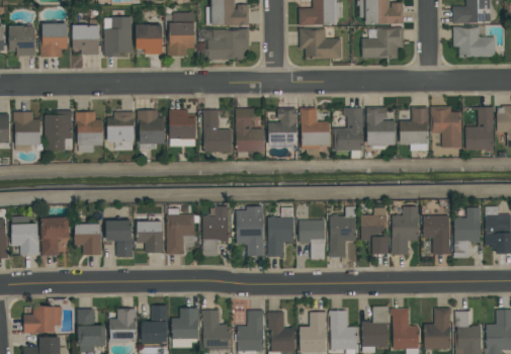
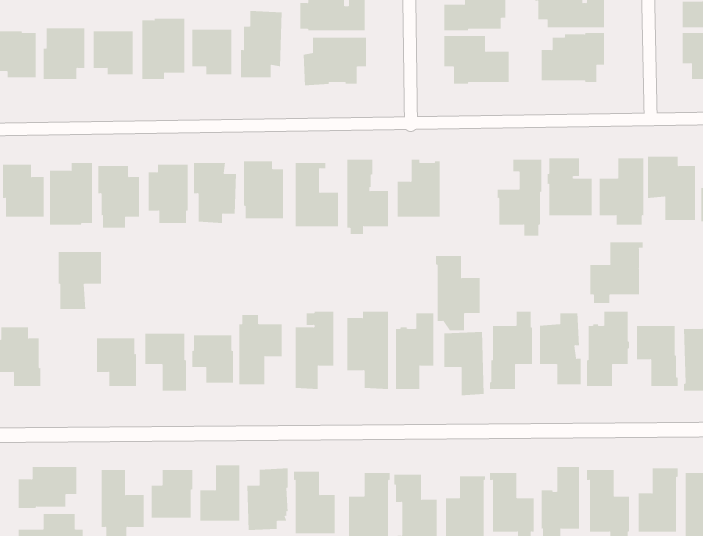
building: [300,107,329,156] -> [435,256,481,331]
building: none -> [590,241,643,304]
building: [40,217,69,255] -> [58,251,102,309]

